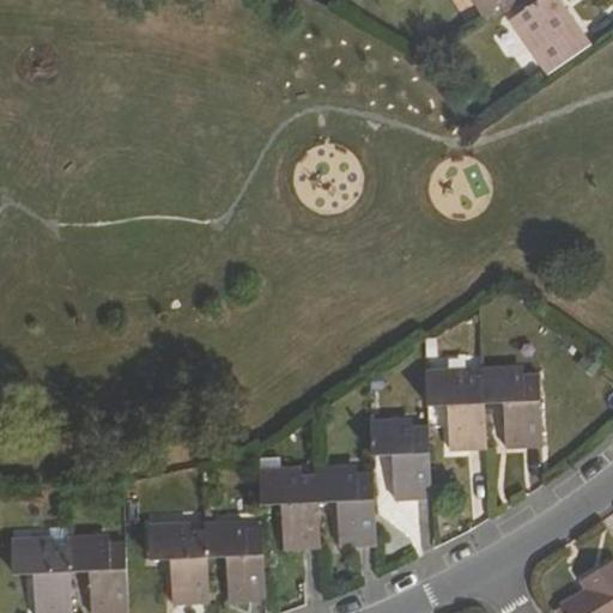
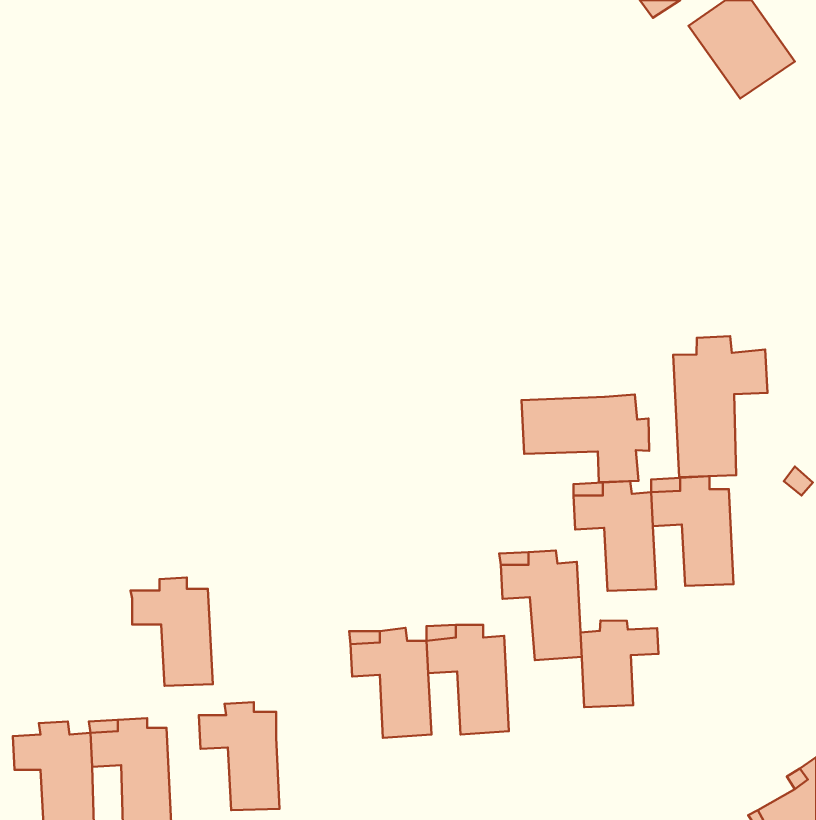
building: none -> [673,336,767,477]
building: none -> [521,394,649,482]
building: none -> [580,621,659,707]
building: [204,516,265,596] -> [130,578,213,686]

